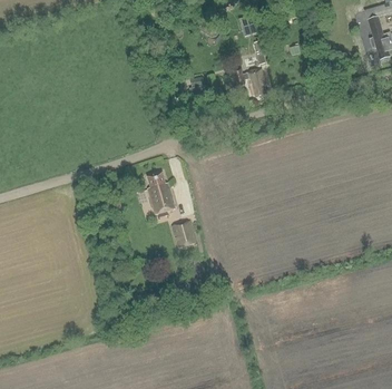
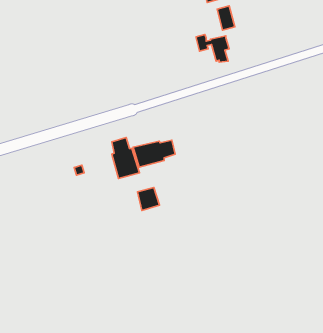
building: none -> [133,140,175,167]

